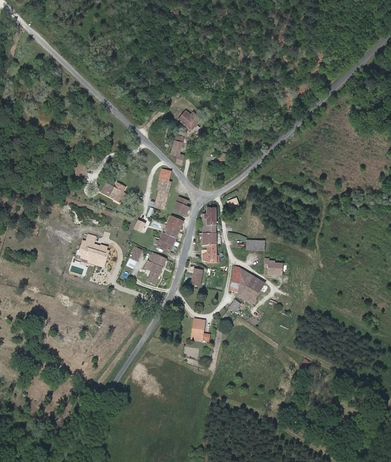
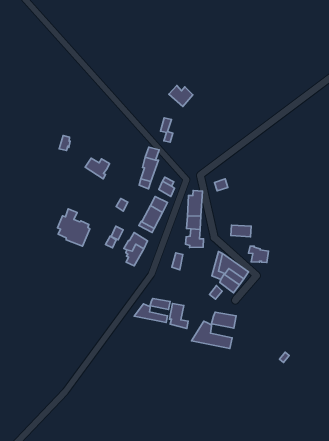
building: none -> [134,298,170,323]
building: none -> [192,312,236,348]

